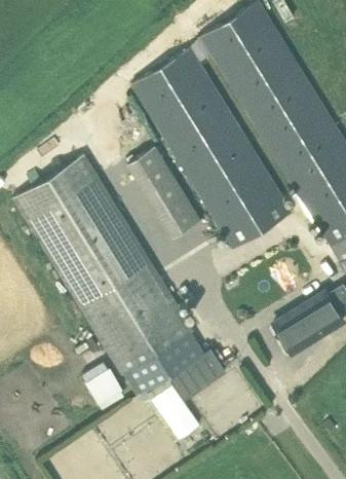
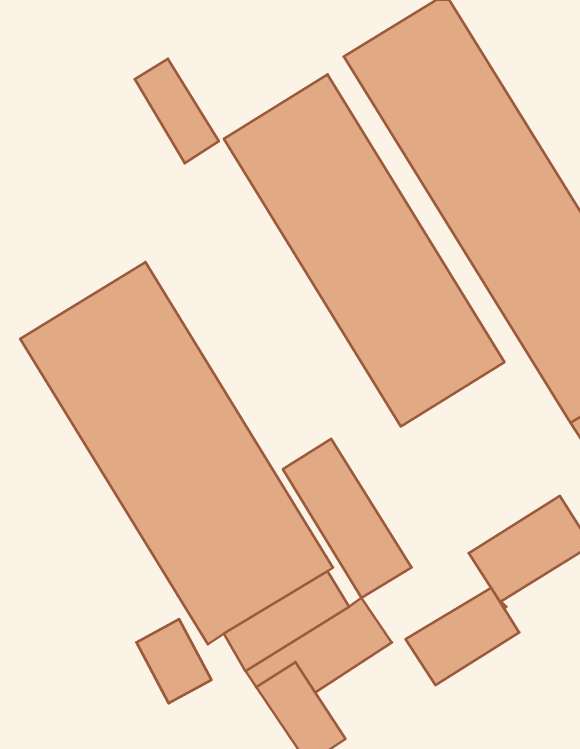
building: none -> [135,59,219,163]
building: [127,147,201,238] -> [283,439,412,598]
building: none -> [406,588,519,685]

